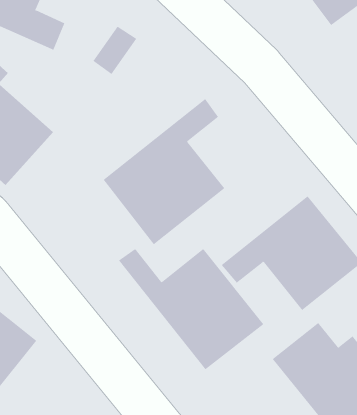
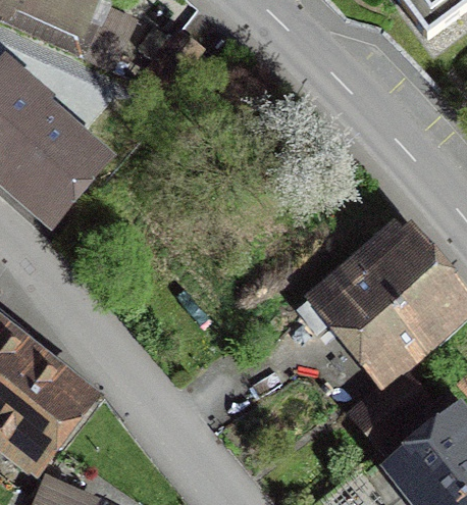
building: [103,98,225,245] -> none
building: [118,248,264,370] -> none

